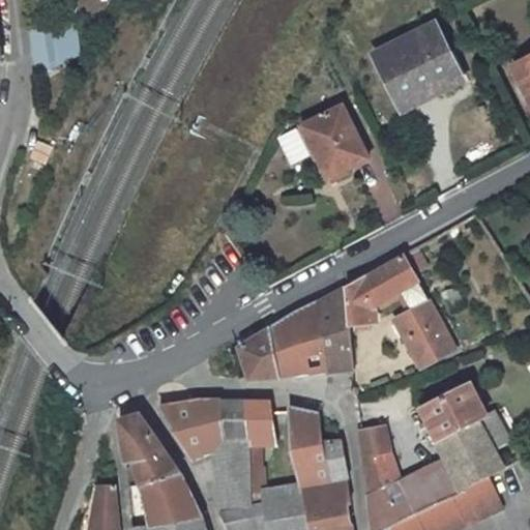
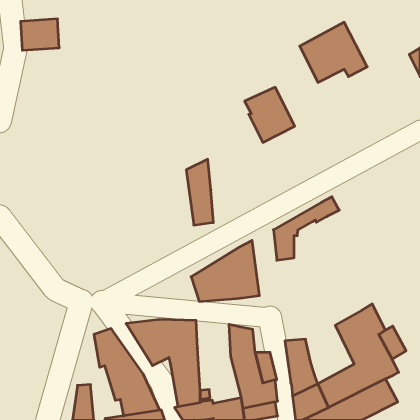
building: [393,272,453,367] -> none
building: [317,289,351,372] -> [186,159,213,225]
building: [246,403,273,438] -> none

